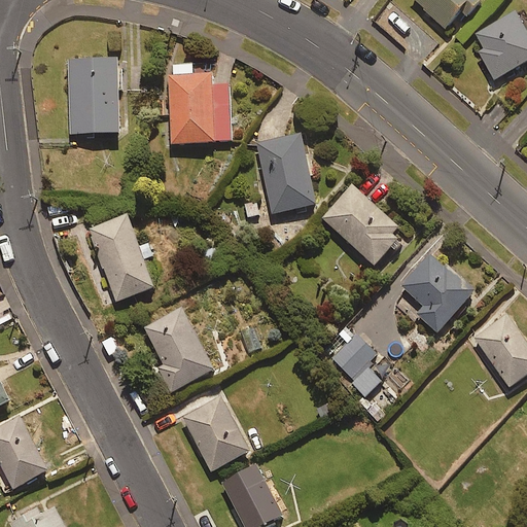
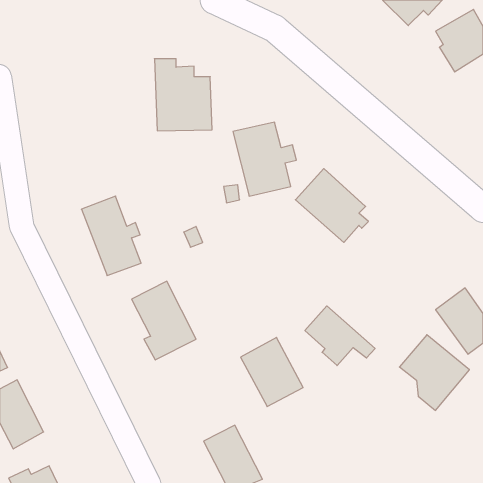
building: [69,58,117,133] -> none
building: [397,250,473,332] -> [399,335,469,410]
building: [181,396,249,471] -> [241,337,303,407]

